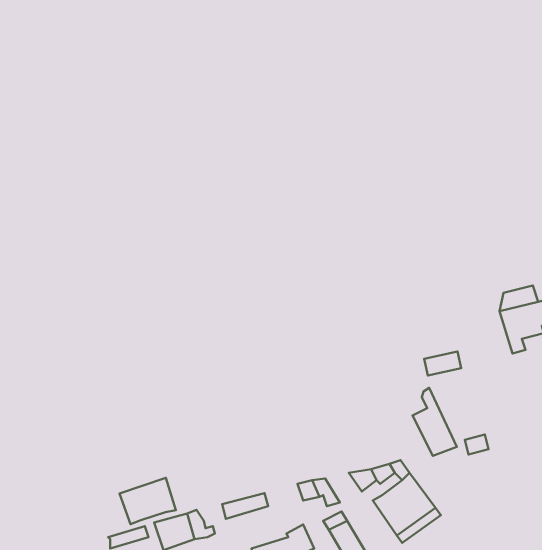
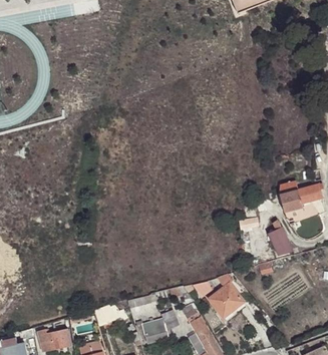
building: [413,388,457,456] -> [269,219,293,256]
building: [119,478,176,524] -> none

